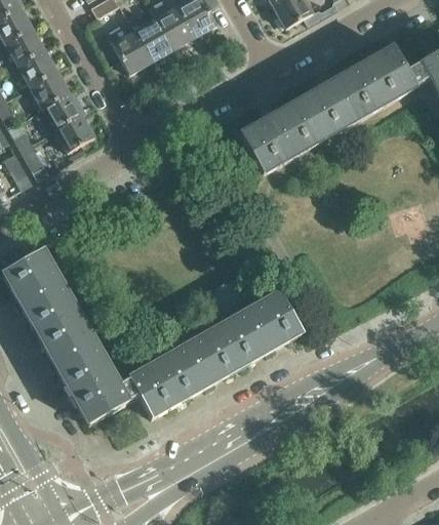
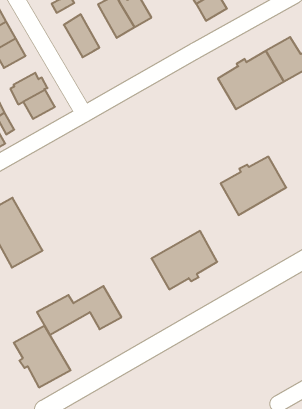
building: [128,13,173,60] -> none
building: [31,71,71,108] -> none
building: [241,99,324,173] -> [221,157,286,215]
building: [41,317,113,395] -> [14,326,71,387]
building: [157,327,240,401] -> none

